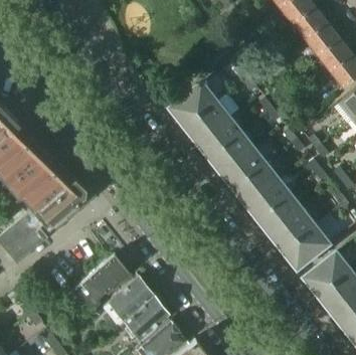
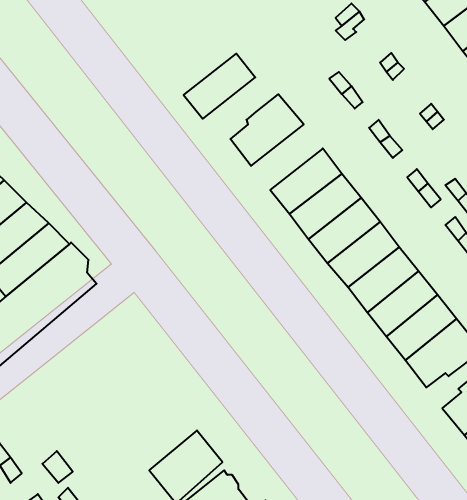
building: [185,101,230,142] -> [184,54,255,119]
building: [66,253,127,313] -> none
building: [107,276,151,319] -> none

